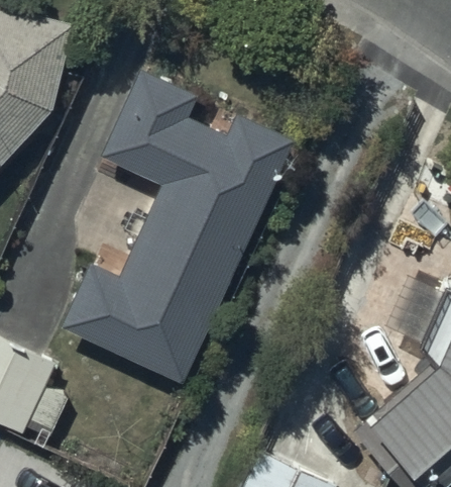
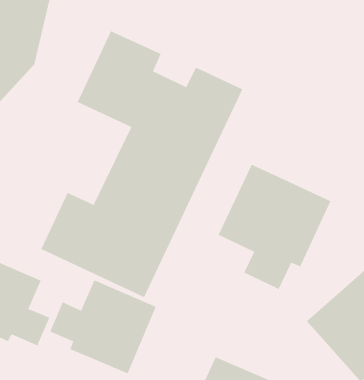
building: none -> [218,164,331,290]
building: none -> [49,280,157,374]

